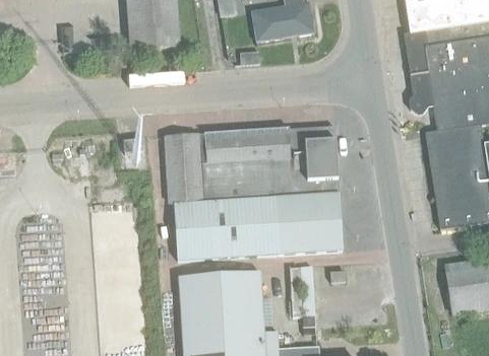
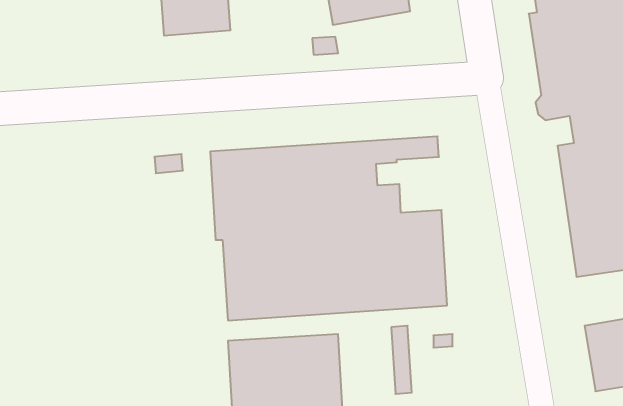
building: [289,139,338,181] -> none

